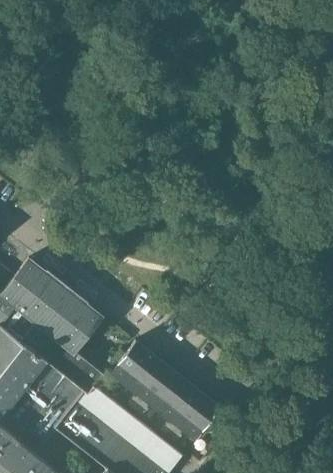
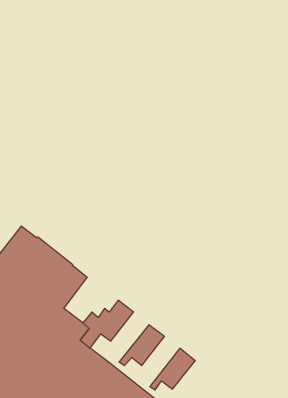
building: [126,355,168,410] -> none
building: [160,382,202,437] -> none

